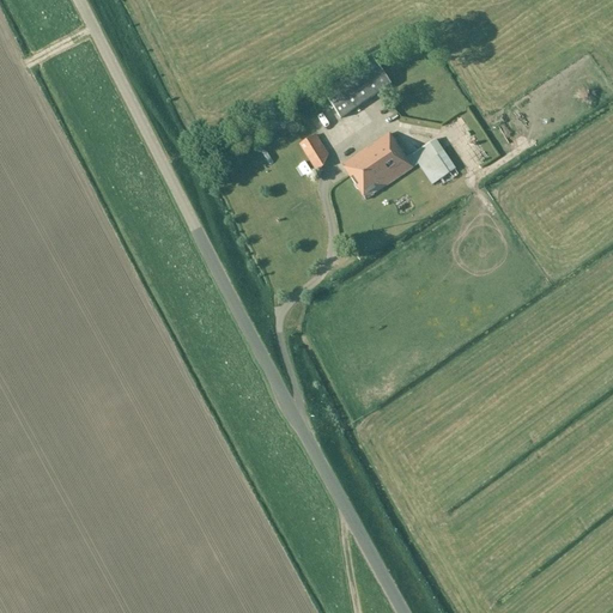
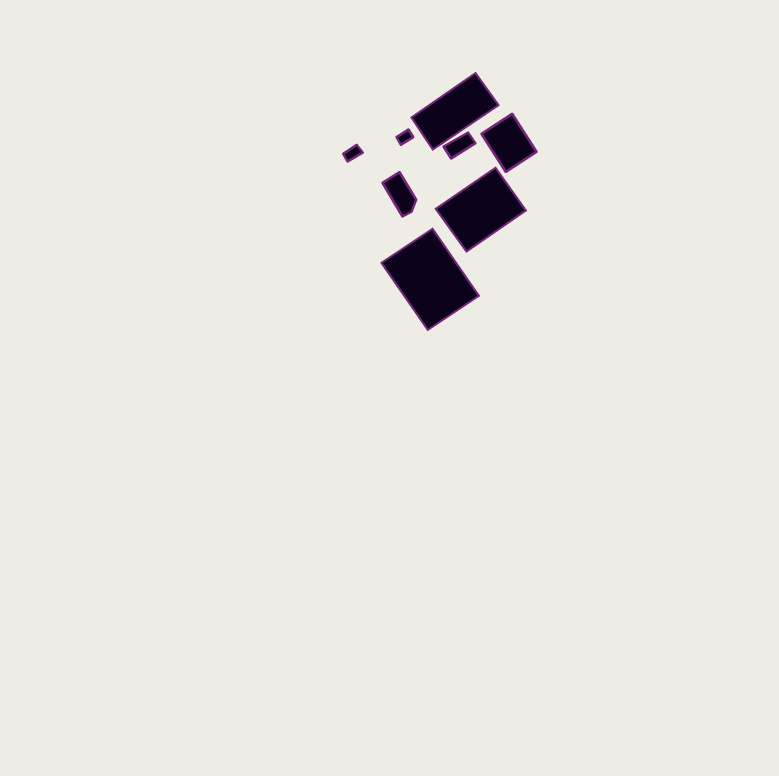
building: [412,138,455,183] -> [482,114,536,172]
building: none -> [382,229,479,330]

